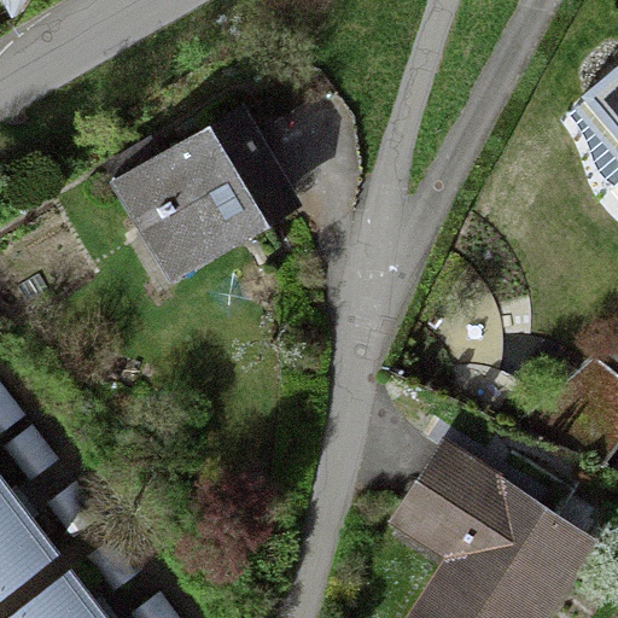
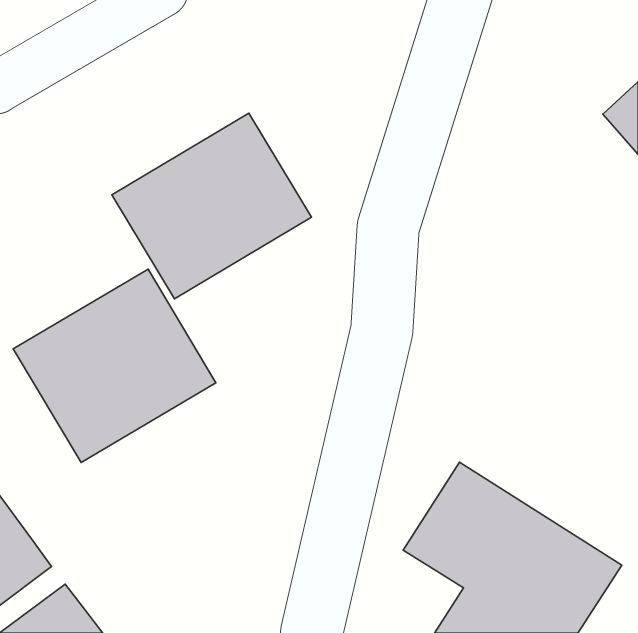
building: none -> [13,269,216,463]

